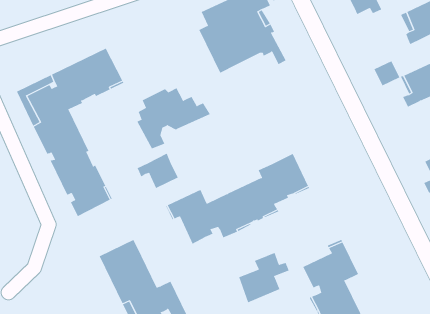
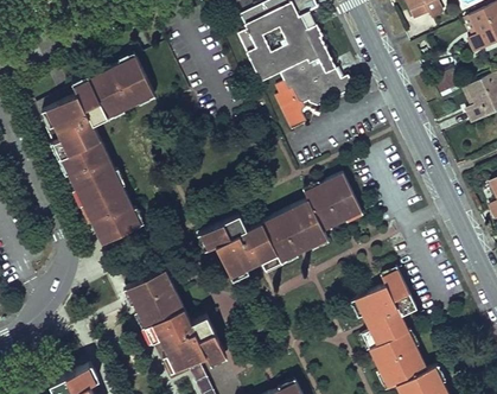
building: [137,87,211,149] -> [274,61,357,129]
building: [137,153,178,189] -> none
building: [238,252,290,303] -> none

